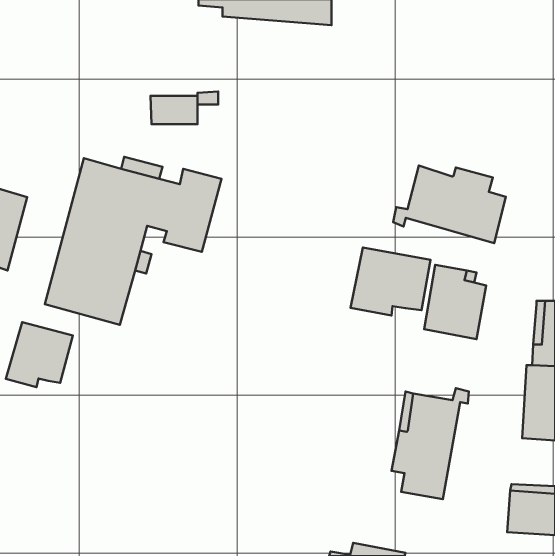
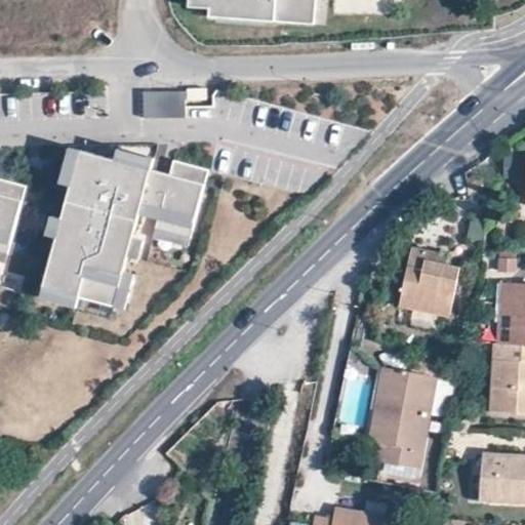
building: [393,166,506,243] -> none
building: [351,247,431,316] -> none
building: [6,322,73,387] -> none

